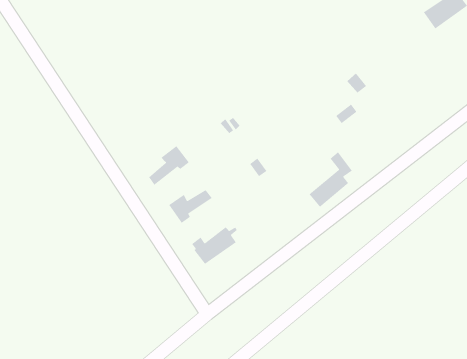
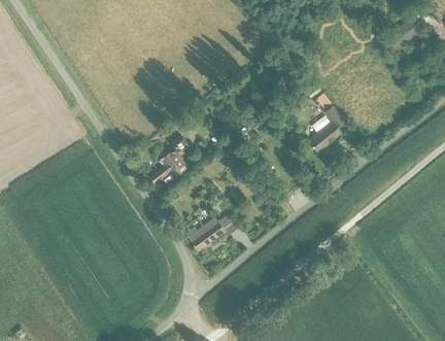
building: [309,151,353,208] -> [307,105,344,152]
building: [168,189,213,224] -> none

